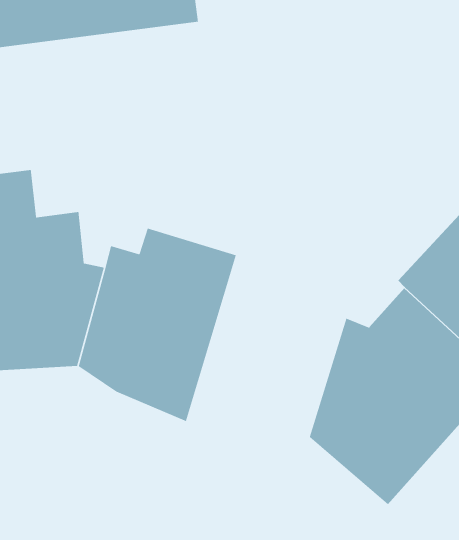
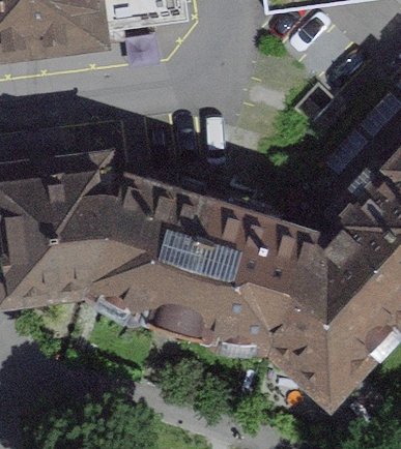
building: none -> [174,205,295,343]

